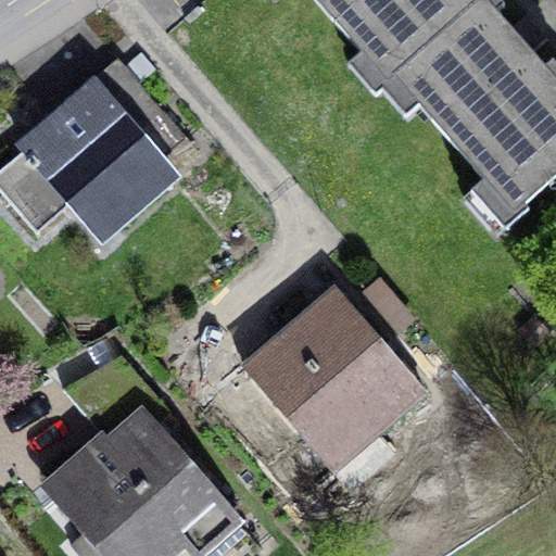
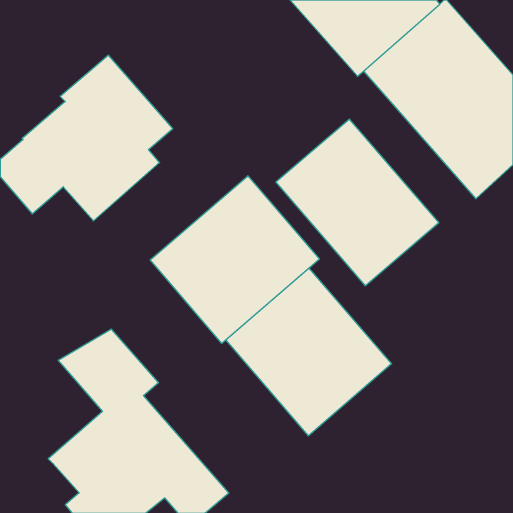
building: none -> [276,119,439,286]
building: none -> [150,176,319,343]

